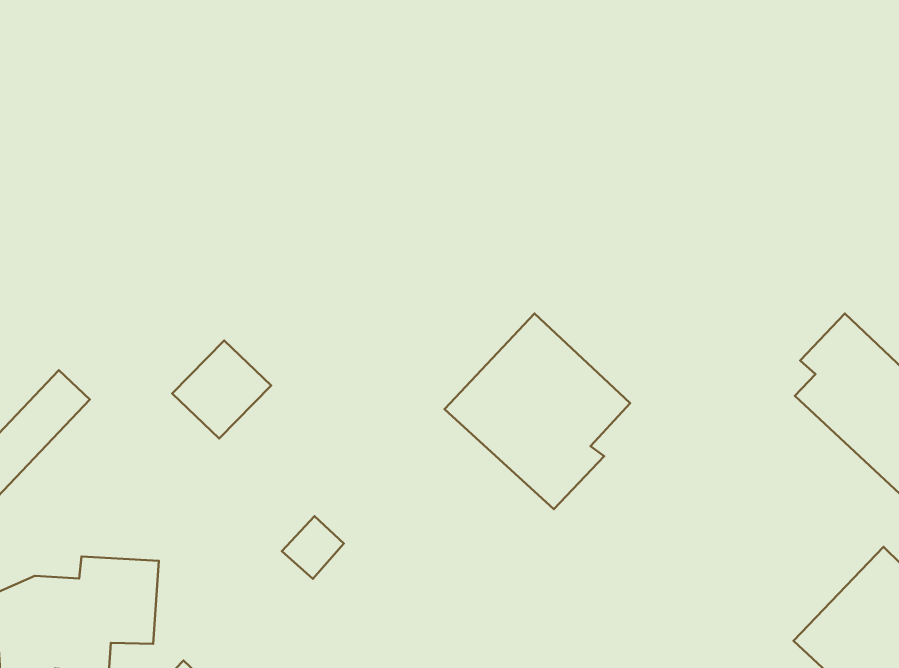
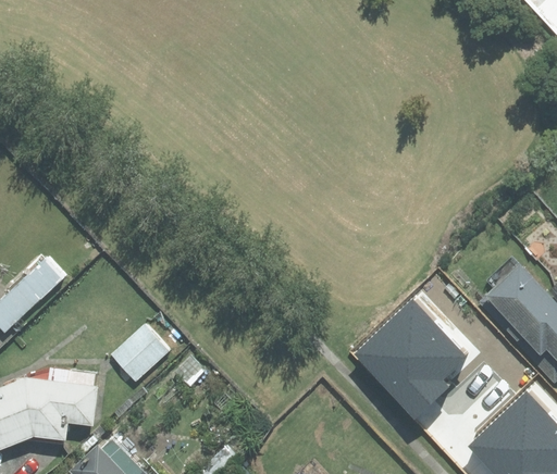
building: [445,313,630,509] -> [356,301,466,417]
building: [172,341,271,438] -> [110,327,169,385]

